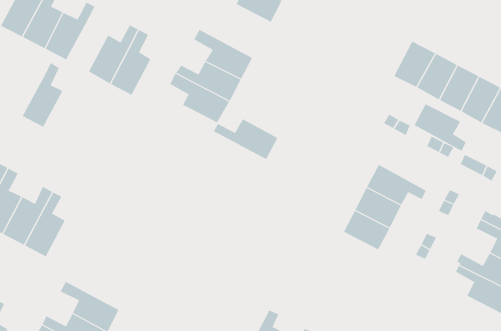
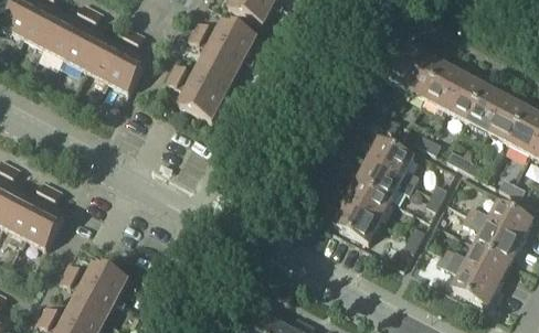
building: [22,62,63,128] -> [66,8,106,71]
building: [414,103,466,151] -> [368,139,419,185]
building: [213,119,278,160] -> [194,18,257,57]
building: none -> [65,261,129,300]

